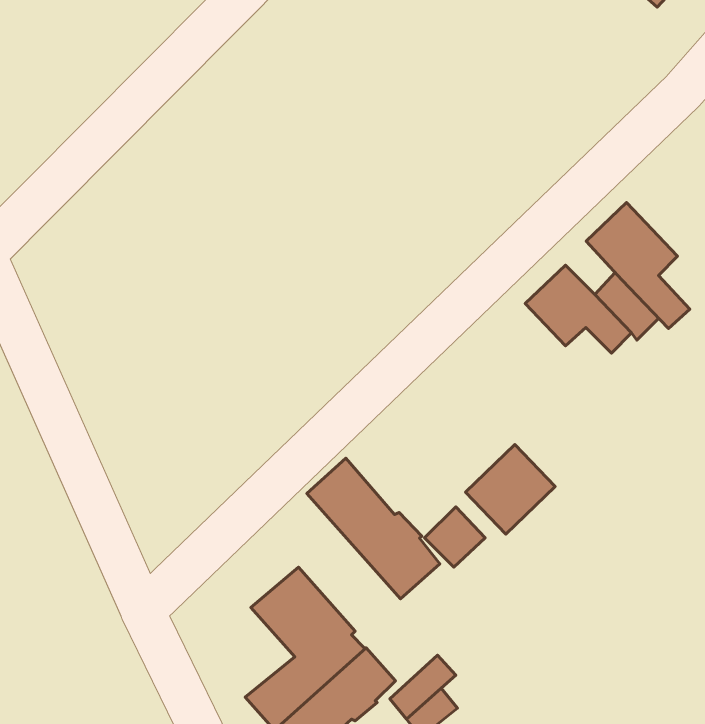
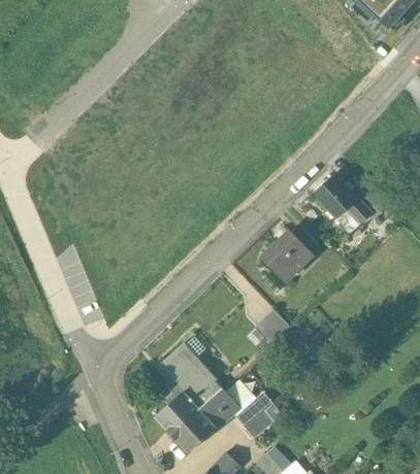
building: [586,203,690,328] -> none
building: [465,444,555,534] -> [262,231,313,281]
building: [307,458,440,599] -> none

